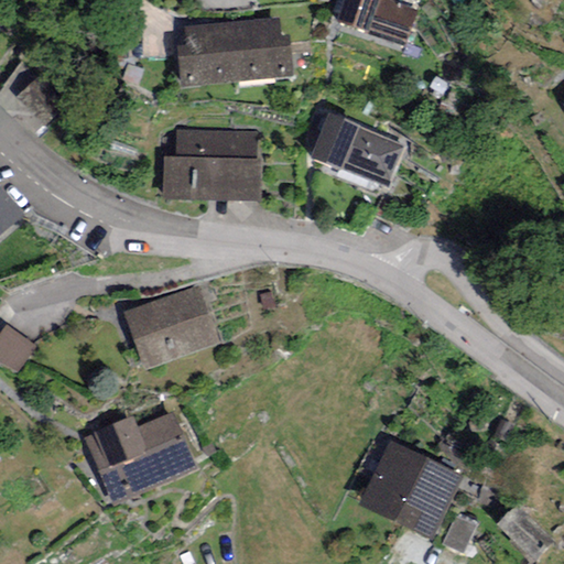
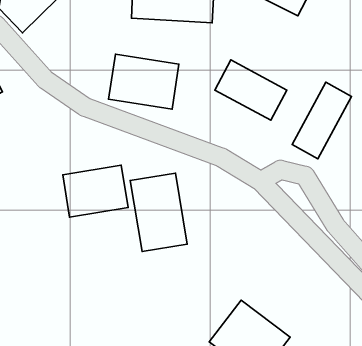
building: none -> [292,82,352,159]
building: none -> [130,173,187,251]
building: [86,409,199,501] -> none

